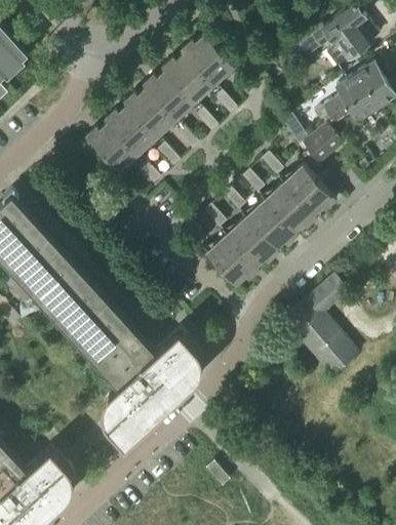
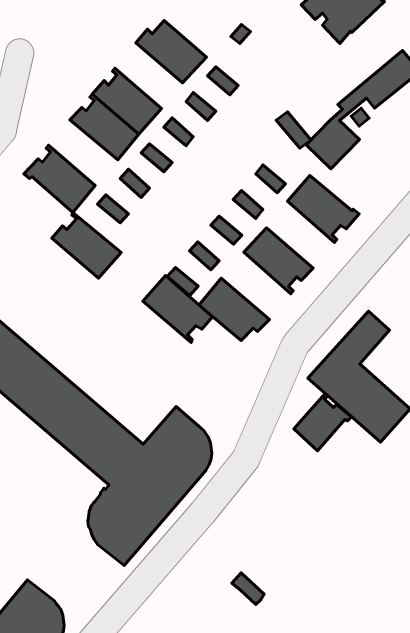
building: [163,50,213,103] -> none
building: [314,64,384,127] -> none
building: [106,103,157,155] -> [52,213,121,278]
building: [264,185,314,238] -> none
building: [225,219,276,273] -> [143,275,212,342]
building: none -> [294,394,351,451]

